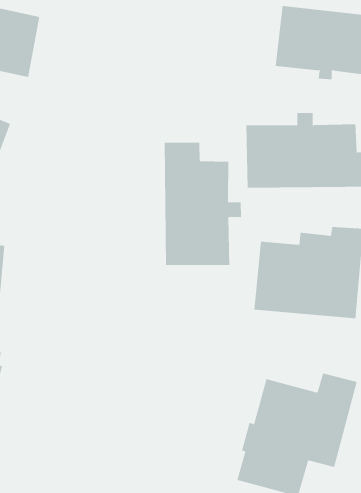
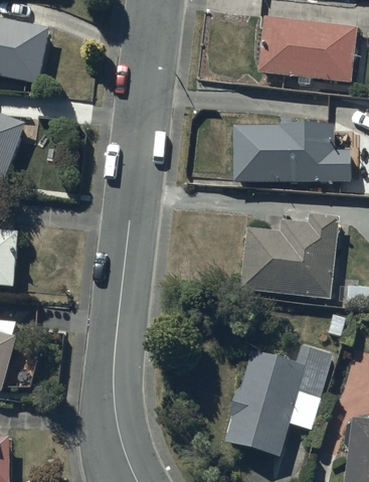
building: [164,142,241,266] -> none

